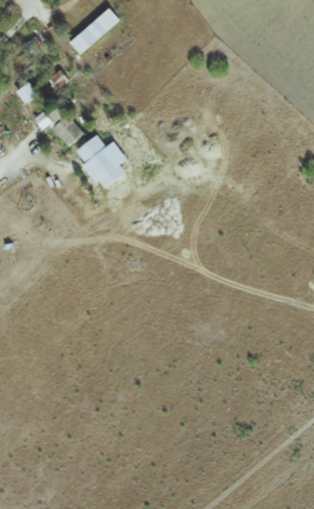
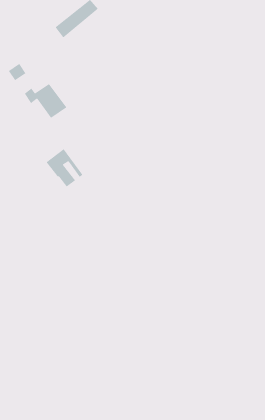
building: [75,135,118,180] -> [45,148,83,187]

